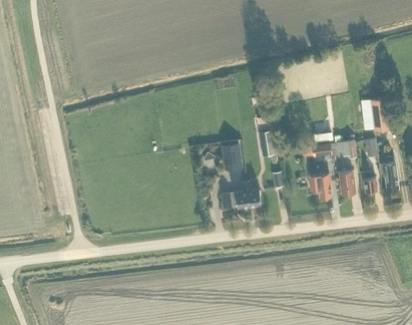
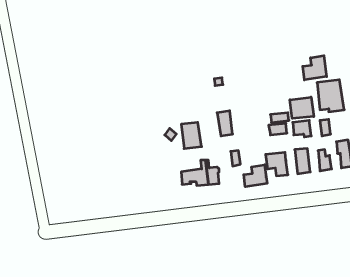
building: none -> [303,56,327,80]
building: none -> [290,97,314,118]
building: none -> [244,165,267,187]

